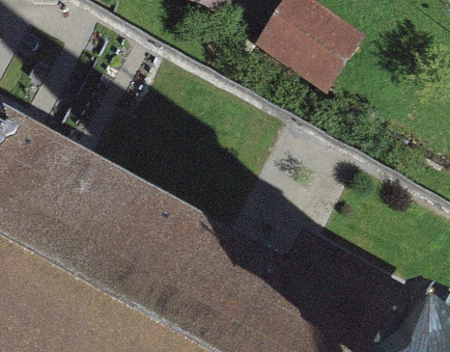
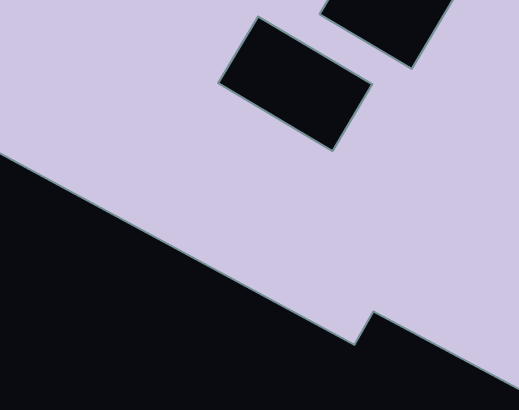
building: none -> [218,16,372,151]

